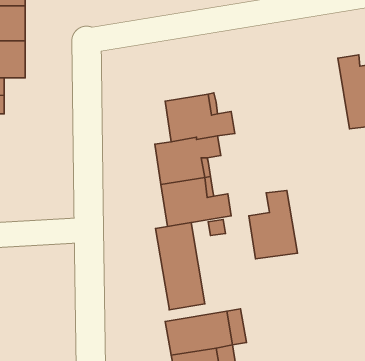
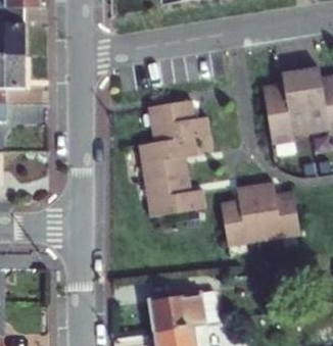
building: none -> [264,70,312,145]
building: none -> [256,184,301,242]
building: [156,223,205,310] -> none

